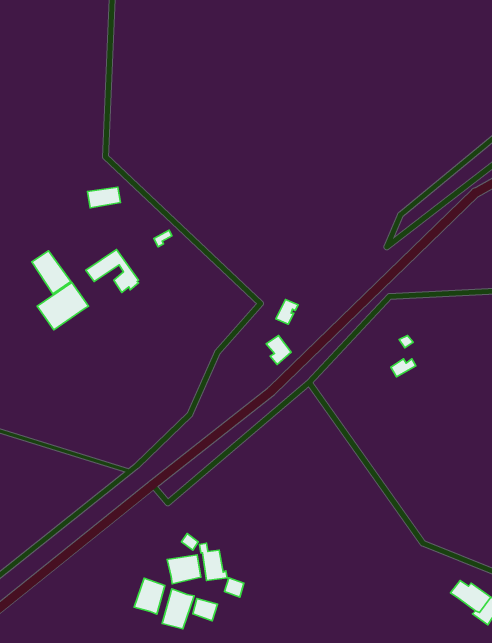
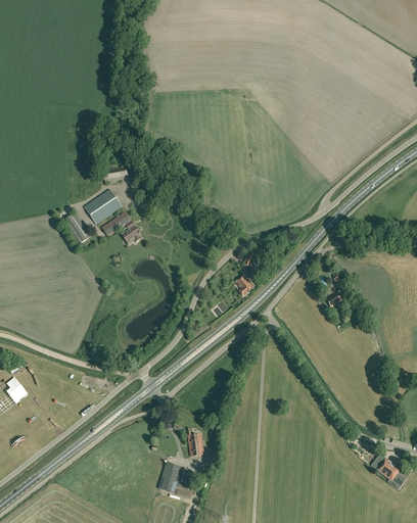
building: [37,283,88,330] -> [84,188,122,223]
building: [167,555,201,584] -> none
building: [134,578,165,614] -> none

